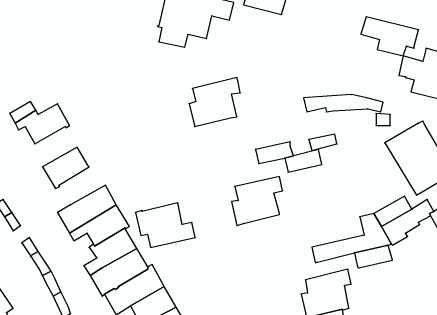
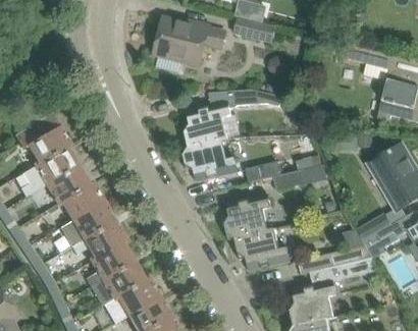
building: [304,95,383,112] -> [208,90,282,106]
building: none -> [19,148,79,198]
building: none -> [61,182,105,221]
building: [135,203,195,247] -> [182,140,239,181]
building: none -> [234,228,291,271]

